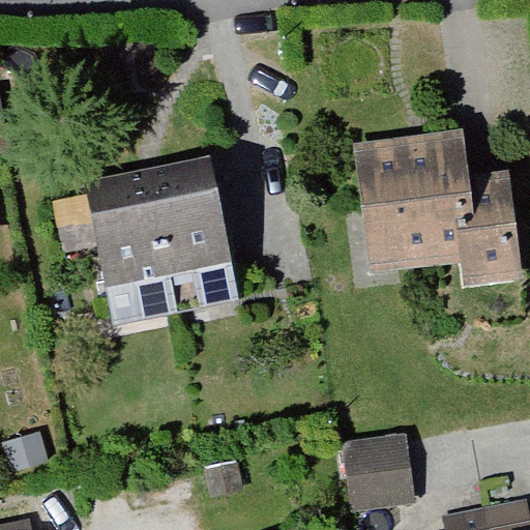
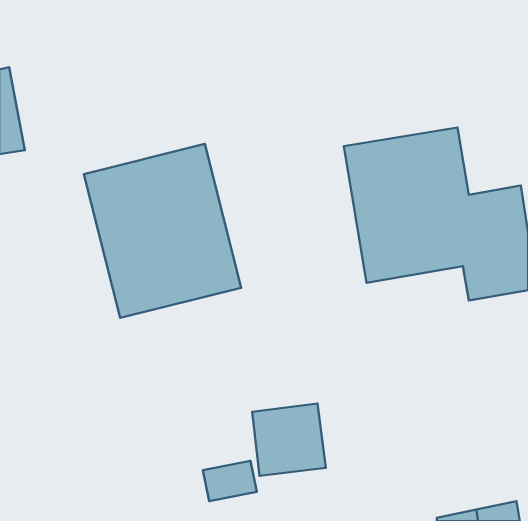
building: [338,439,412,511] -> [252,403,326,476]

